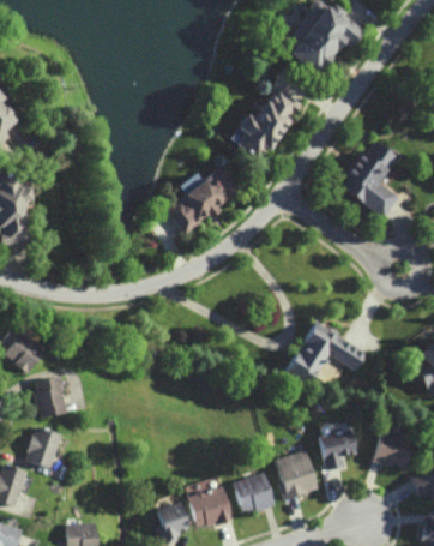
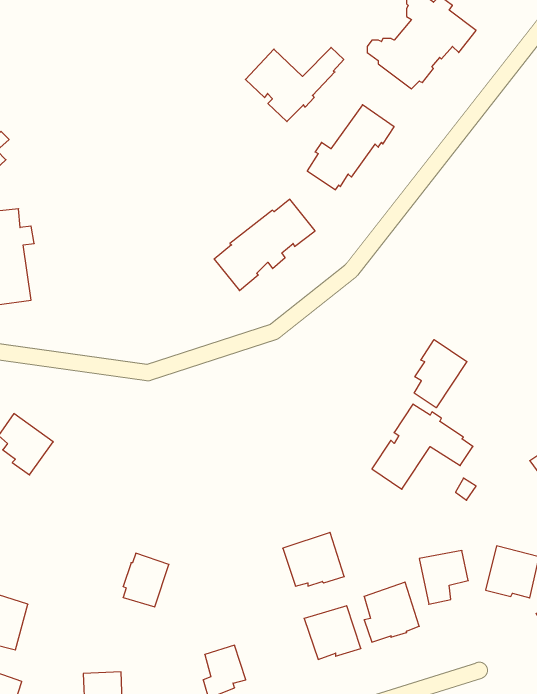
building: none -> [245,47,344,122]
building: [340,138,399,215] -> none
building: none -> [414,340,467,408]
building: [32,377,66,419] -> none
building: [26,427,61,468] -> [123,553,169,607]
building: [189,486,236,527] -> [283,532,344,586]

